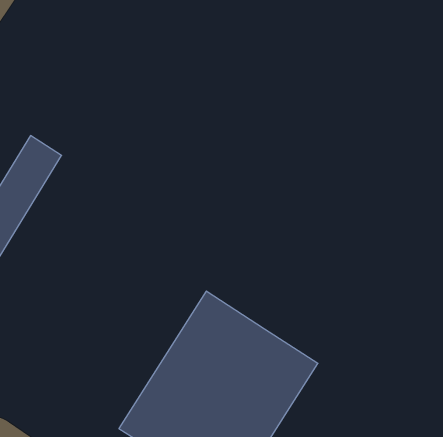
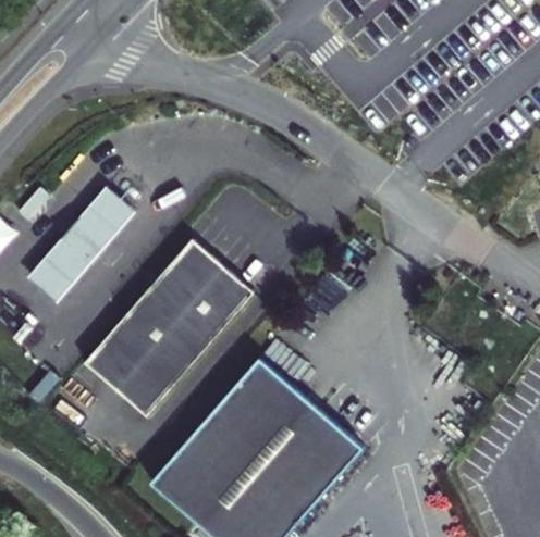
building: none -> [84,243,251,420]

